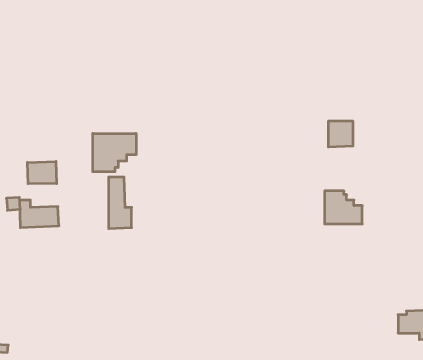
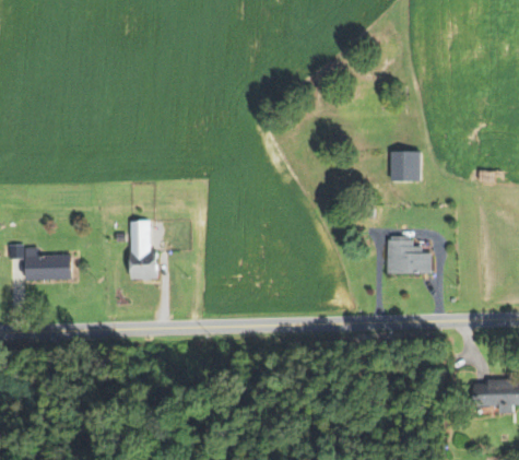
building: [93,133,136,172] -> none
building: [27,161,57,184] -> none

